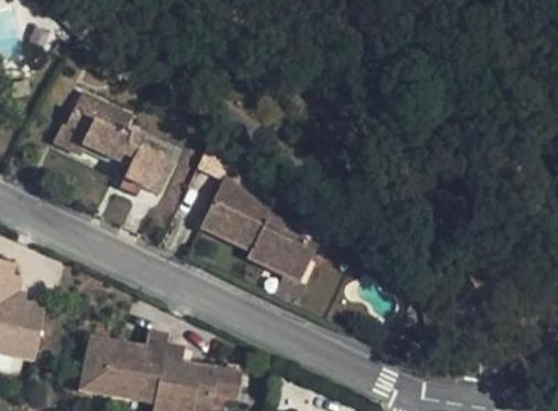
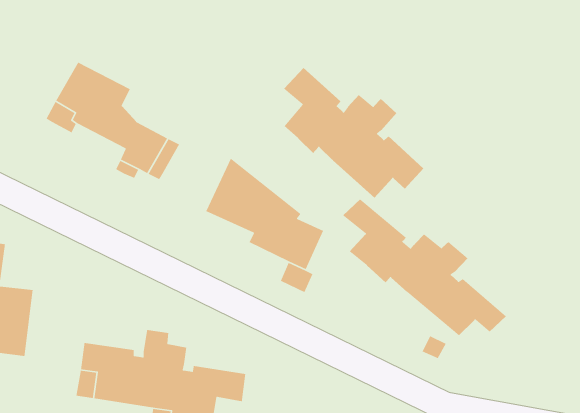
building: none -> [283,67,424,198]
building: none -> [342,198,507,336]

